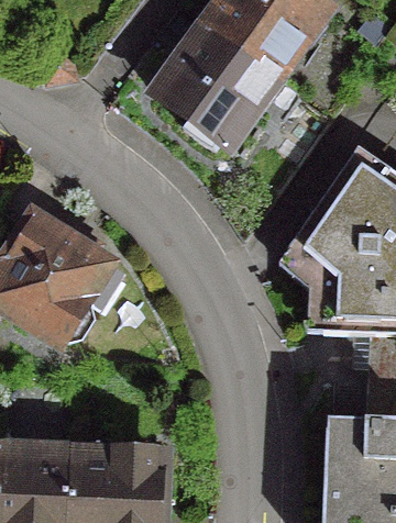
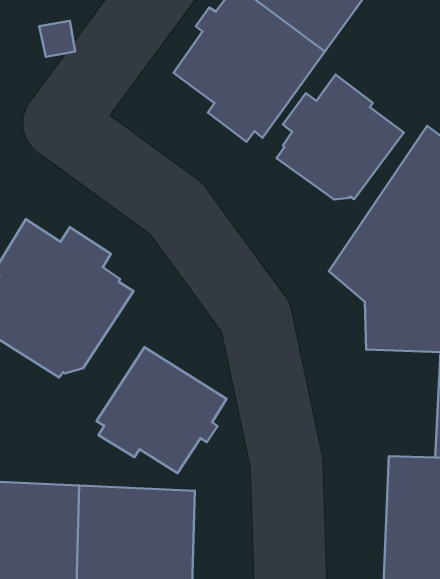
building: none -> [277,74,404,199]
building: none -> [96,347,227,473]

